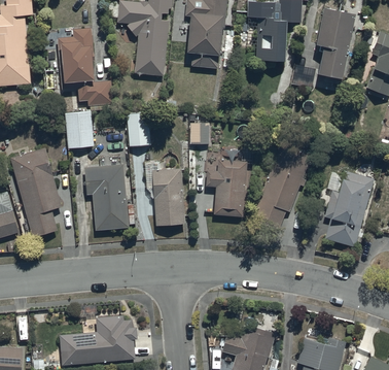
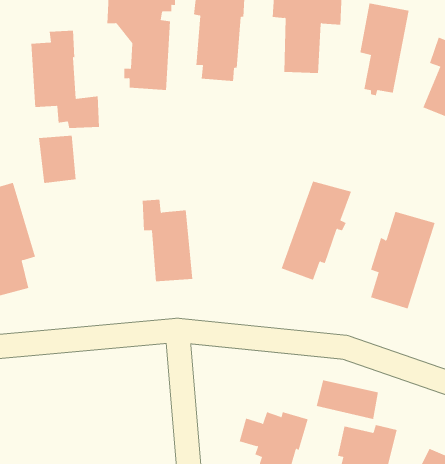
building: [127,112,150,145] -> none
building: [189,123,209,144] -> none
building: [206,159,248,217] -> none
building: [83,164,135,230] -> none
building: none -> [316,380,378,420]
building: [59,315,137,365] -> none

